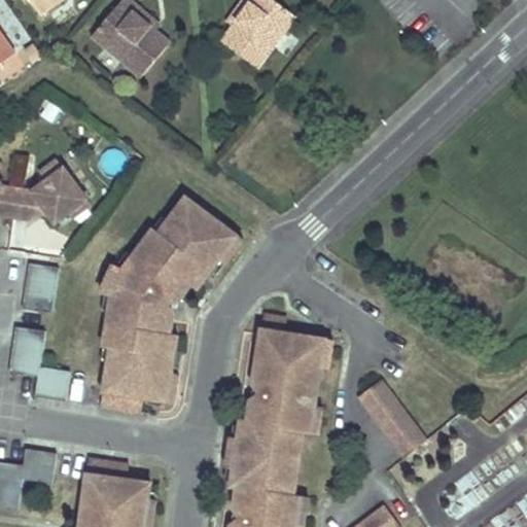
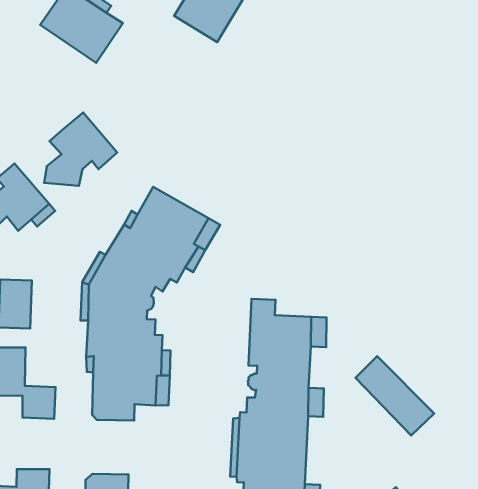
building: none -> [44,113,117,186]

